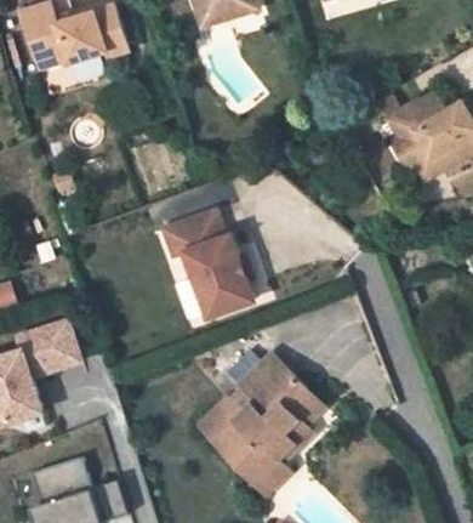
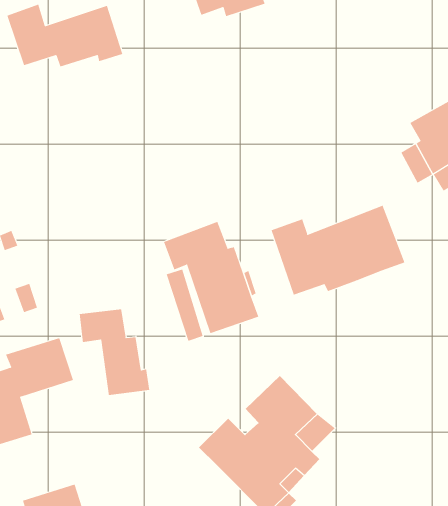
building: none -> [271,205,405,296]
building: none -> [79,309,150,396]

